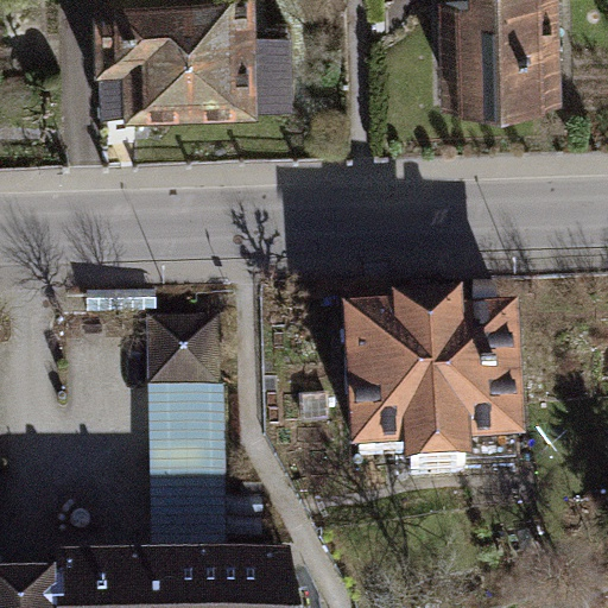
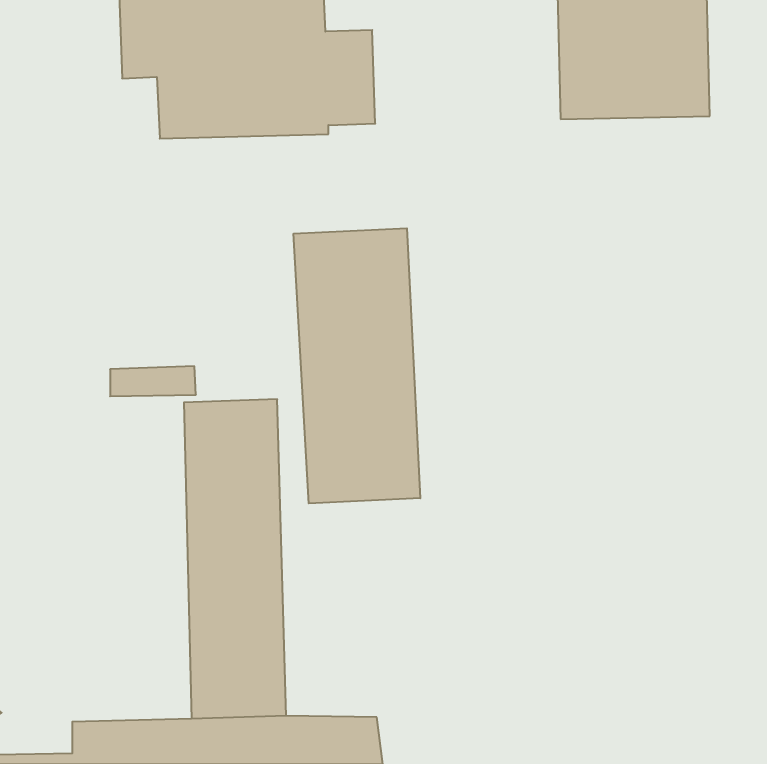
building: none -> [294,228,420,503]
building: [343,309,528,486] -> none

